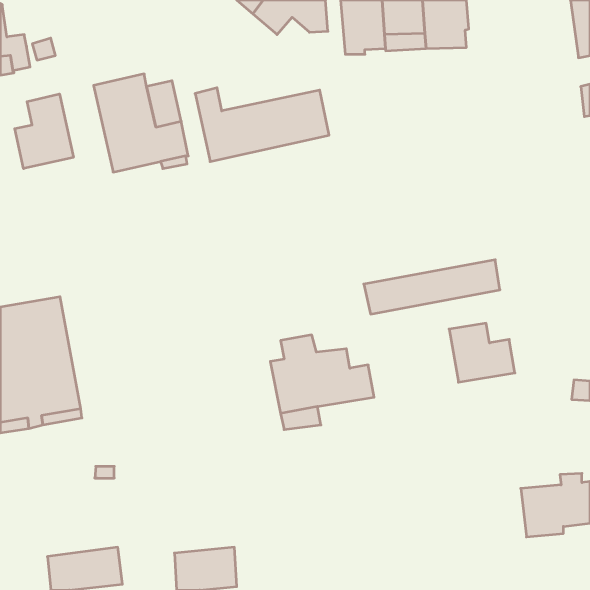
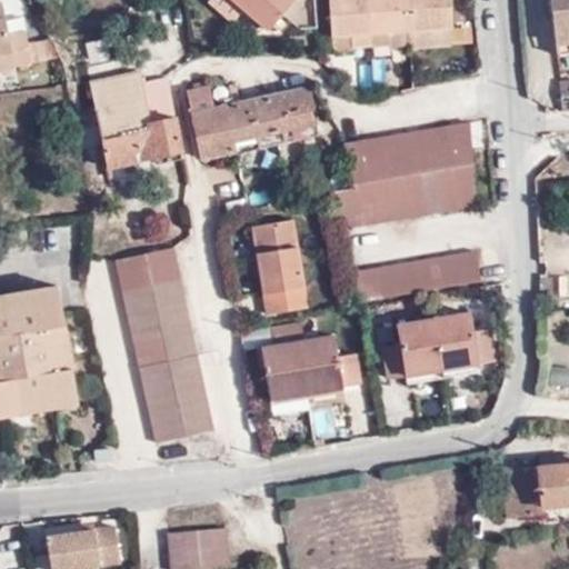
building: [15,94,73,169] -> none
building: none -> [332,121,475,230]
building: none -> [253,219,305,315]
building: none -> [116,246,213,442]
building: none -> [383,317,441,378]

